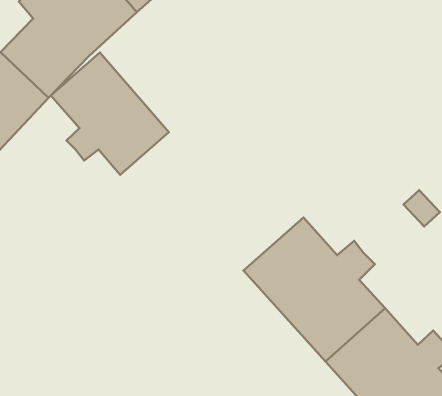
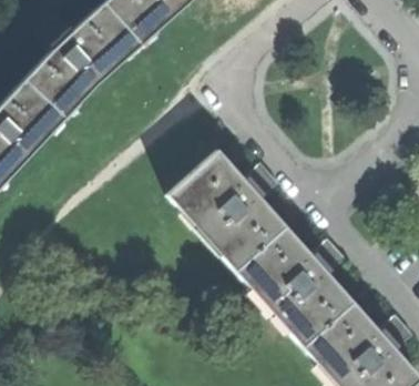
building: [51,53,169,175] -> none
building: none -> [167,149,282,265]

